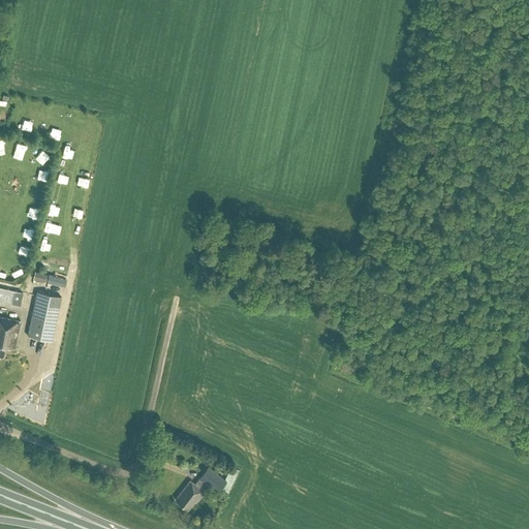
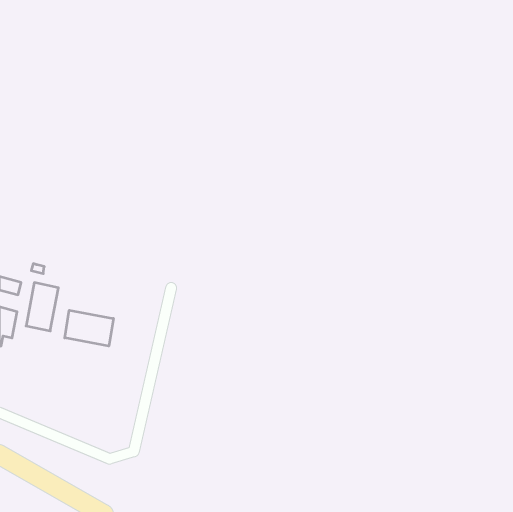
building: none -> [65,310,113,346]
building: [173,467,238,509] -> none

